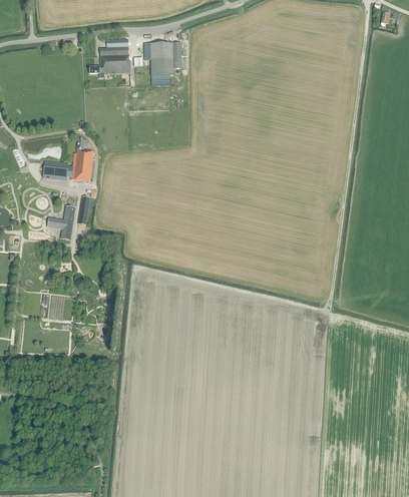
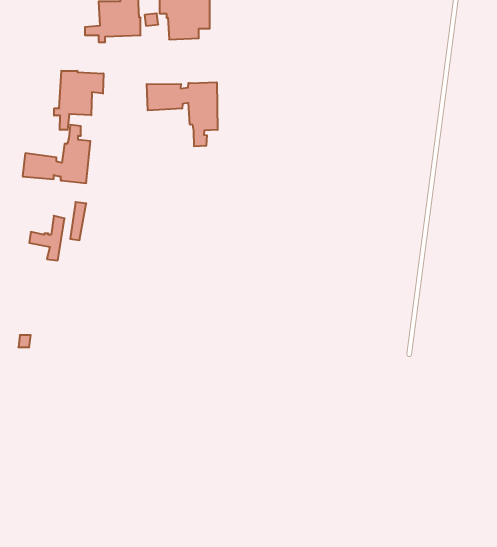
building: none -> [54,71,103,130]
building: none -> [147,82,218,146]

